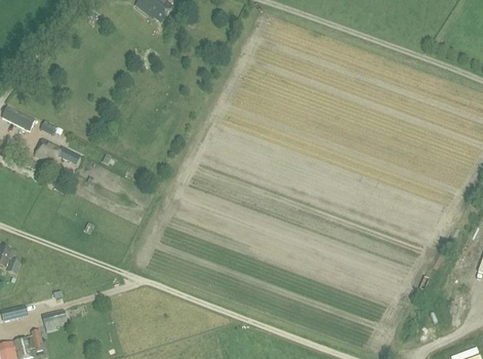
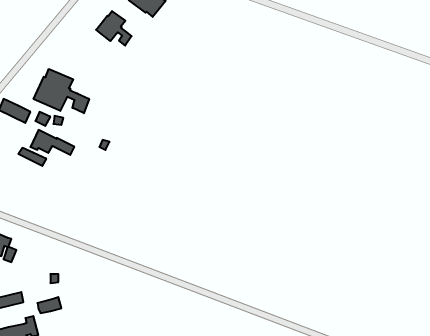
building: none -> [96,11,132,46]
building: none -> [34,69,89,113]

